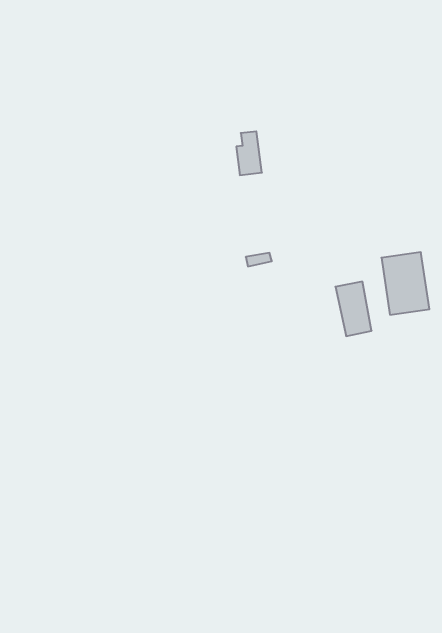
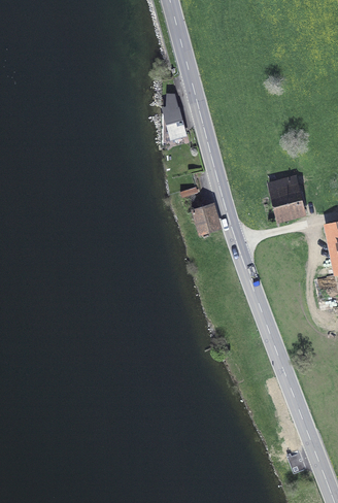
building: [335,282,372,336] -> [194,205,221,242]

